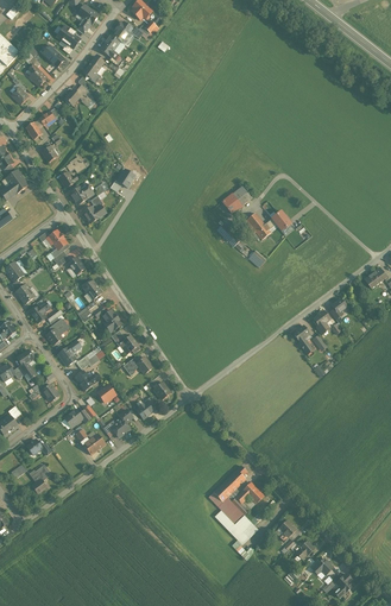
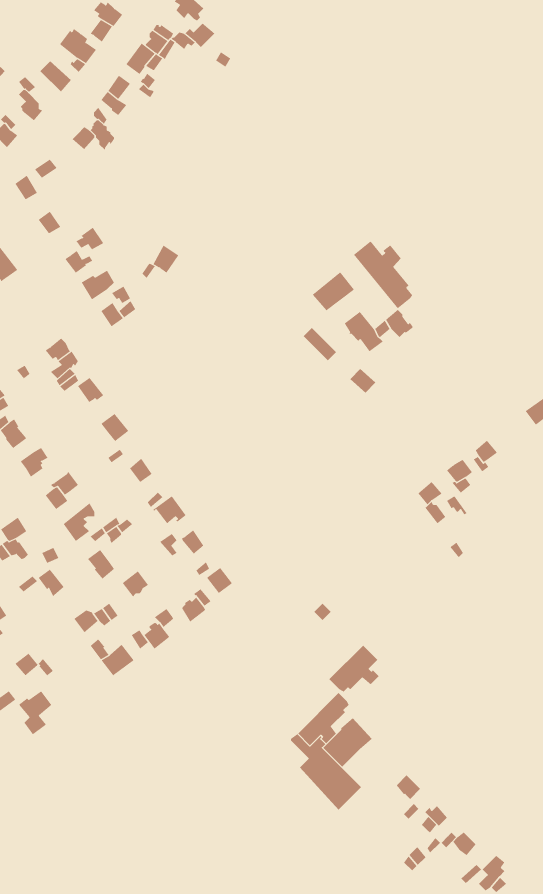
building: none -> [353,240,413,309]
building: none -> [328,645,379,693]

